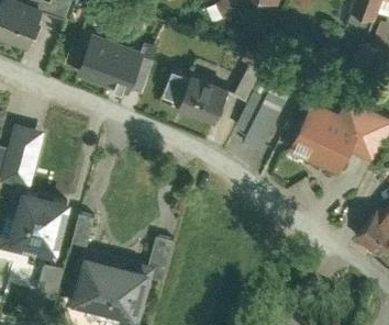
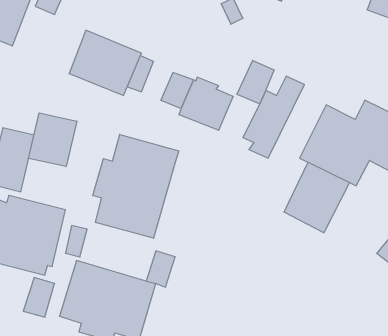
building: none -> [29,113,77,167]
building: none -> [93,134,179,238]
building: none -> [284,162,349,233]

